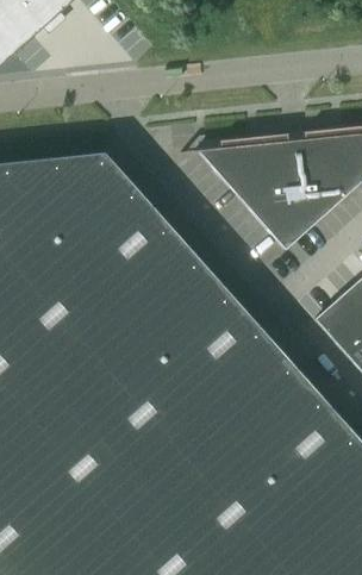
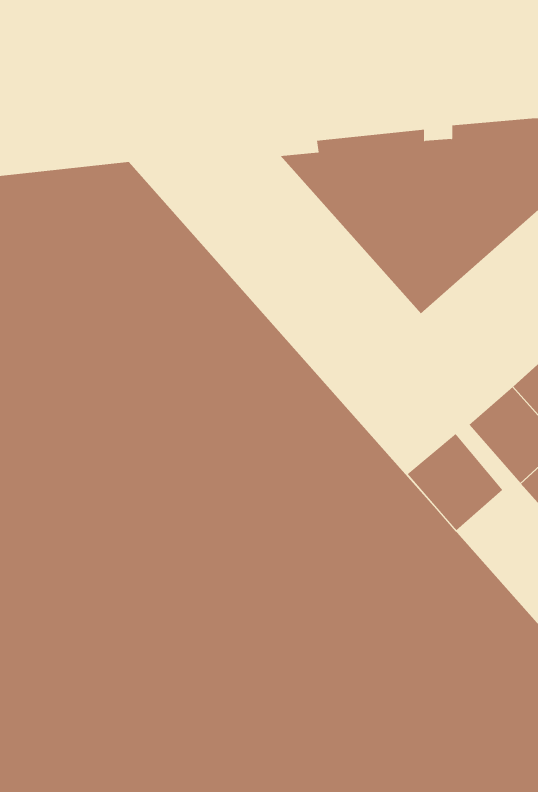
building: none -> [407,433,503,531]

